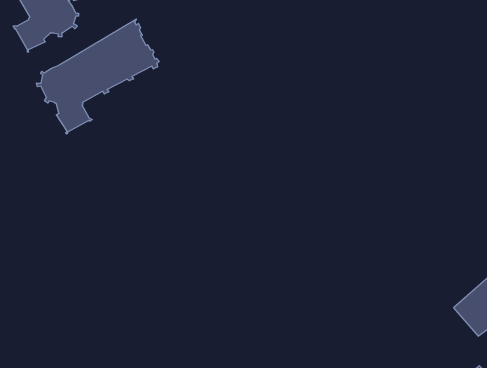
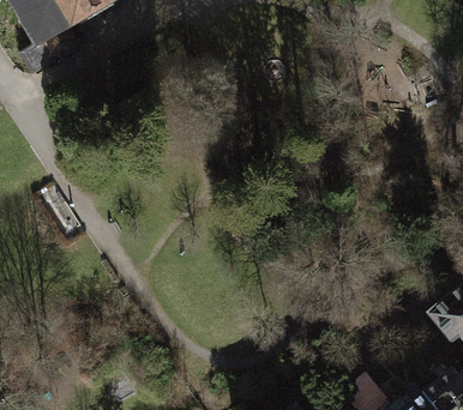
building: [37,19,159,134] -> none

